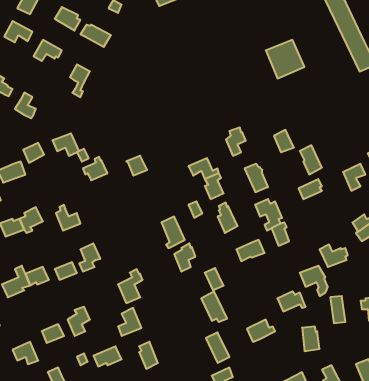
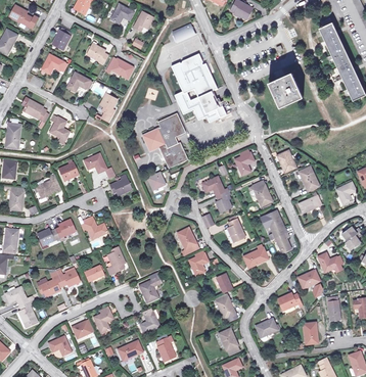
building: none -> [171,55,225,123]
building: none -> [145,114,189,169]

